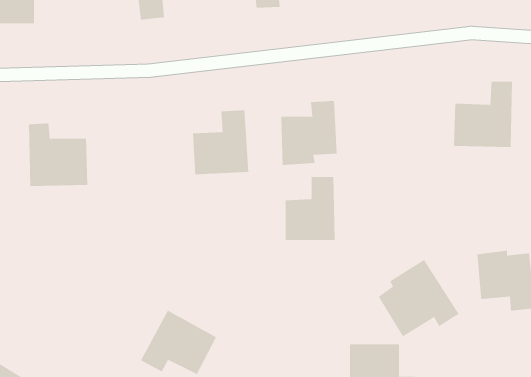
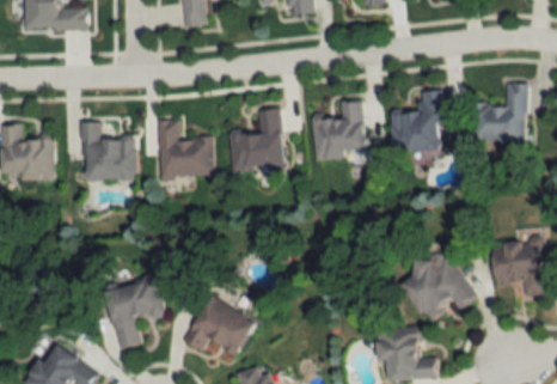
building: none -> [159,121,214,179]
building: [285,177,335,240] -> [397,92,443,151]
building: none -> [105,276,165,348]

